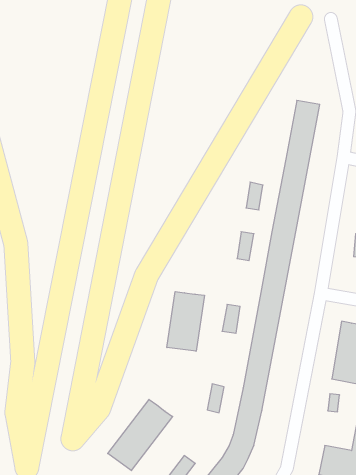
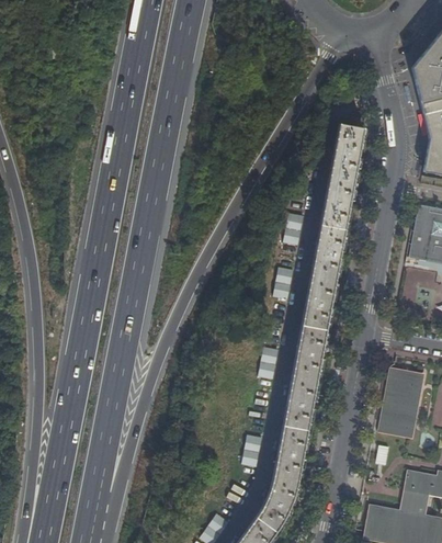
building: [167,292,204,351] -> none
building: [108,399,173,471] -> none

